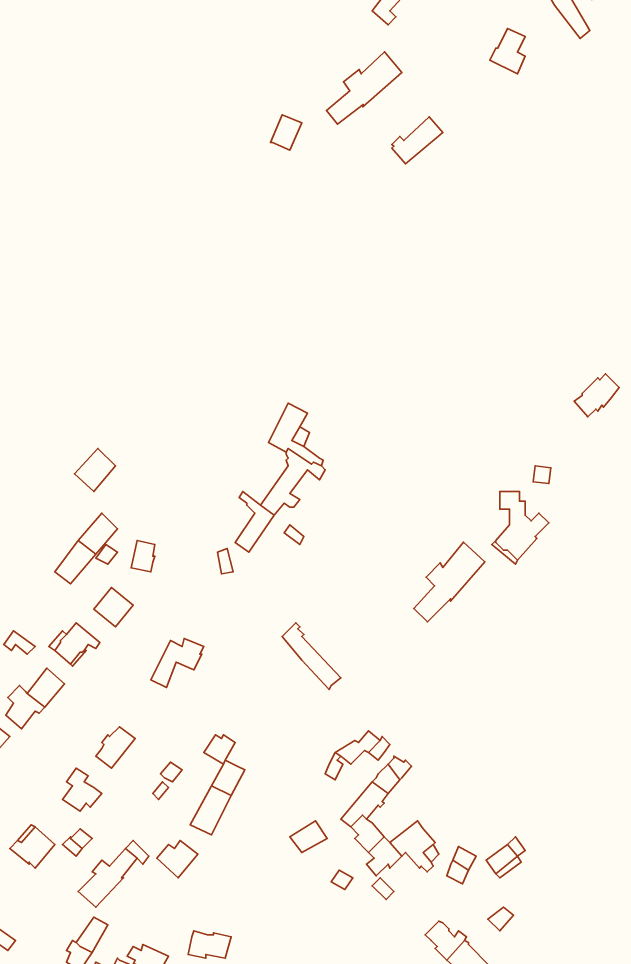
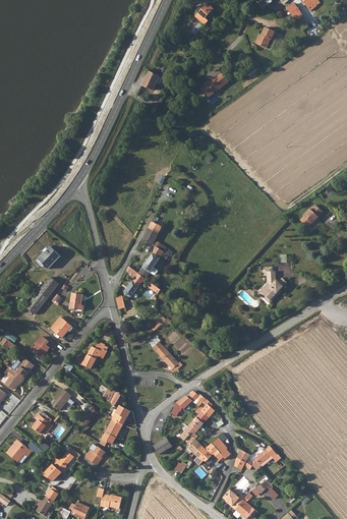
building: [327,52,402,124] -> none
building: [414,542,485,622] -> none

